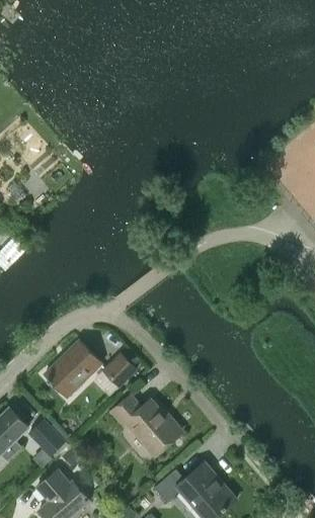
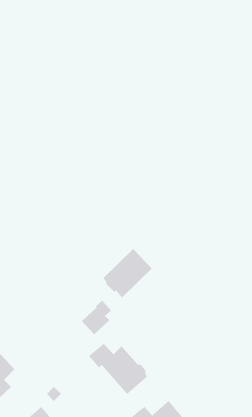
building: [44,340,101,398] -> [102,248,153,298]
building: [28,419,65,456] -> none

